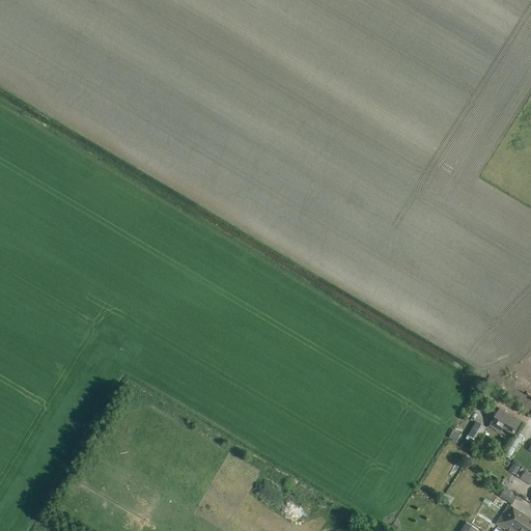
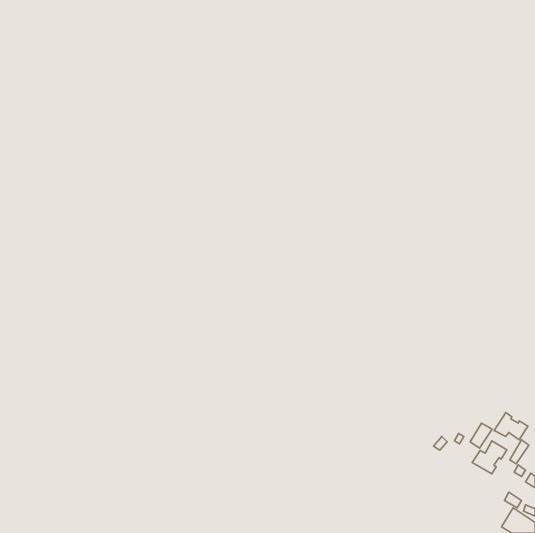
building: none -> [472,441,507,474]

